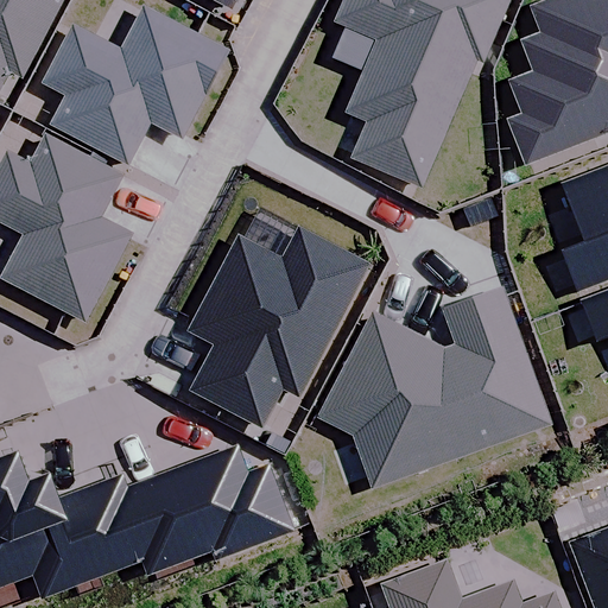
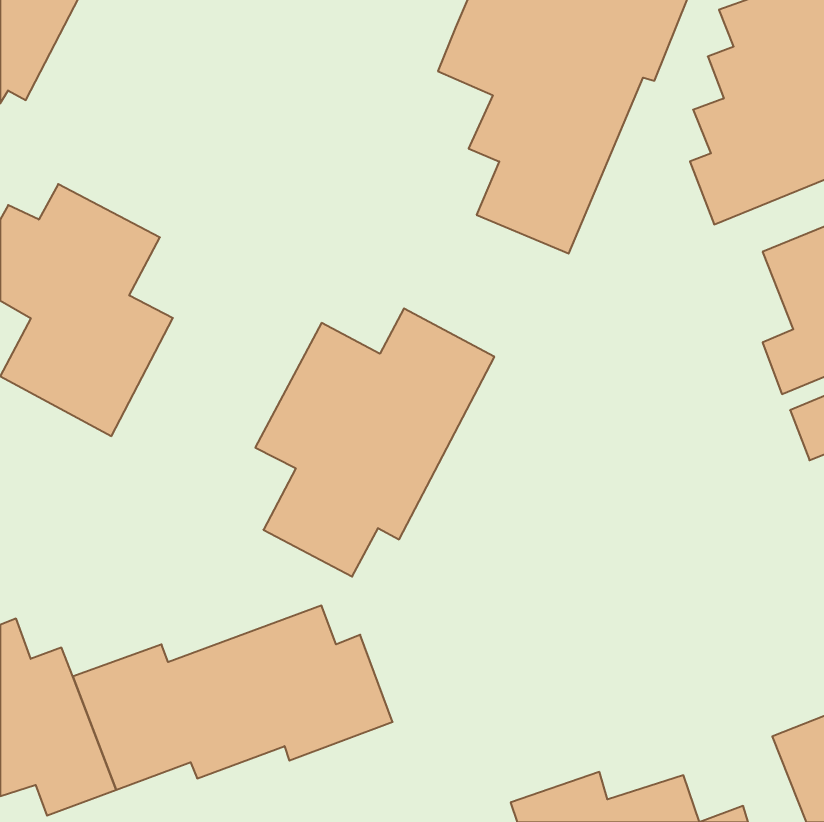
building: [43,6,226,163] -> none
building: [321,289,550,488] -> none

